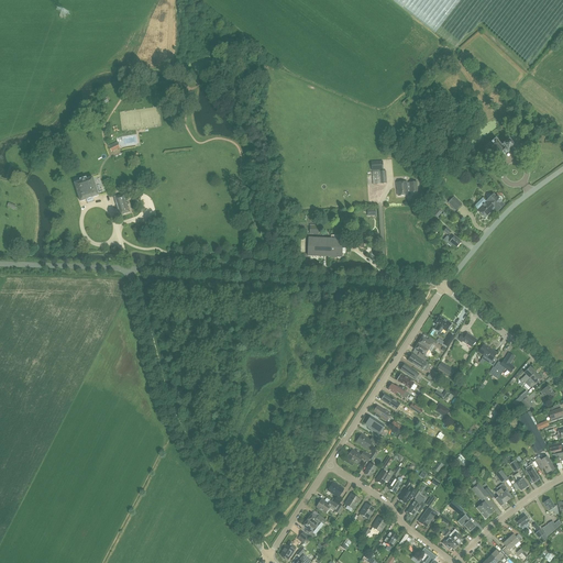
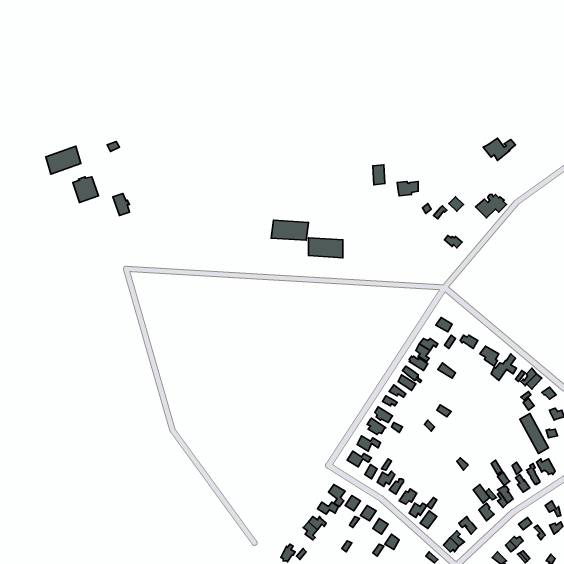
building: none -> [46,146,81,174]
building: none -> [271,220,308,240]

